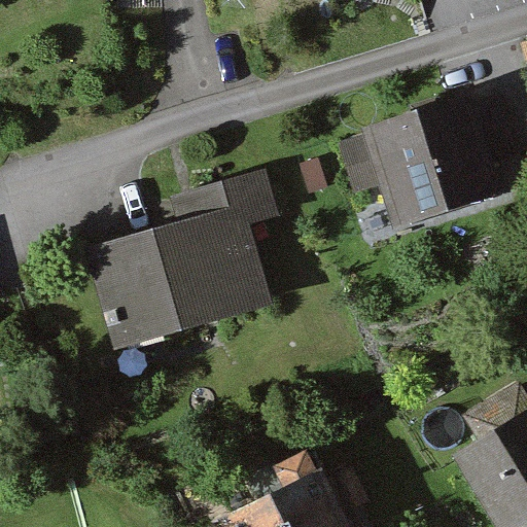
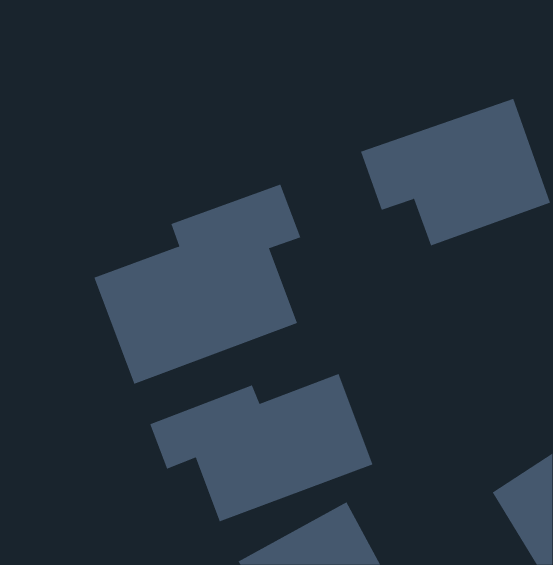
building: none -> [150,373,373,522]

